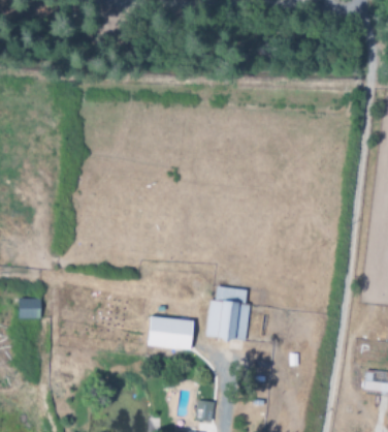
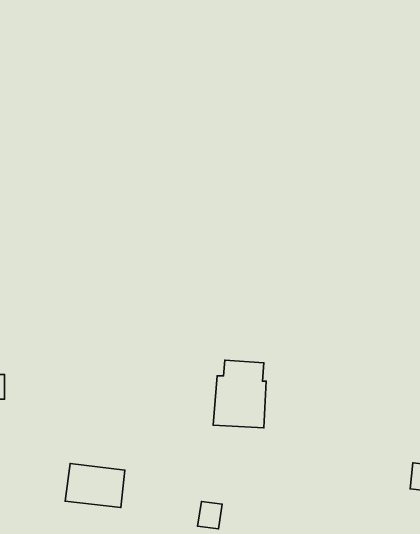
building: [147,316,194,351] -> [65,464,125,508]

